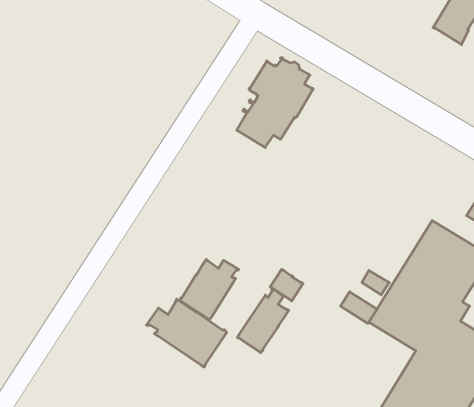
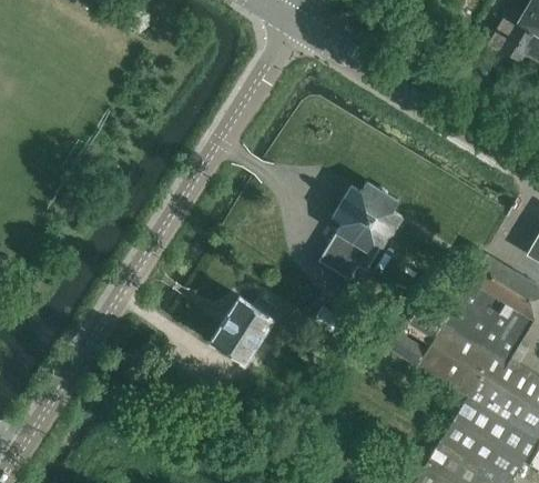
building: [237,58,313,148] -> [318,185,401,283]
building: [237,288,289,353] -> none
building: [146,299,227,367] -> none

